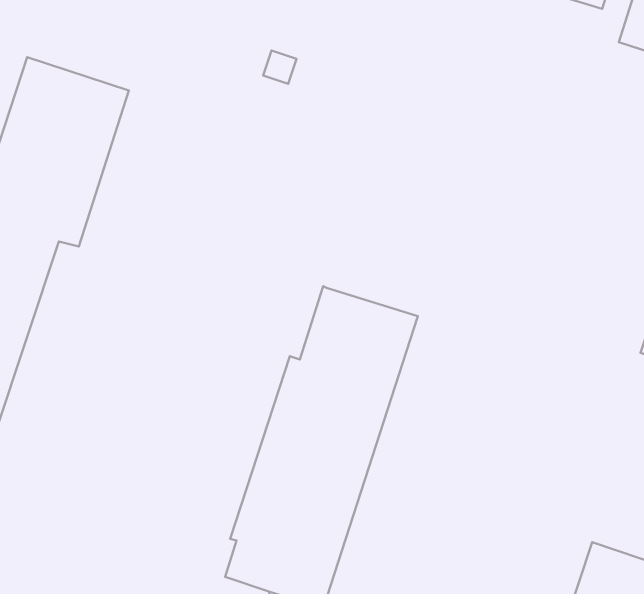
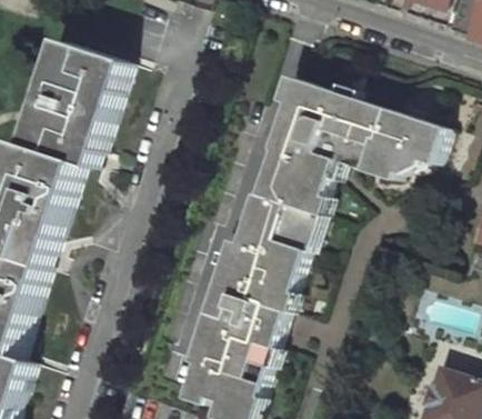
building: none -> [262,79,448,215]

